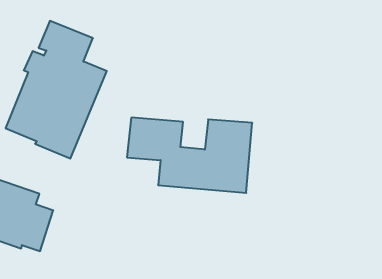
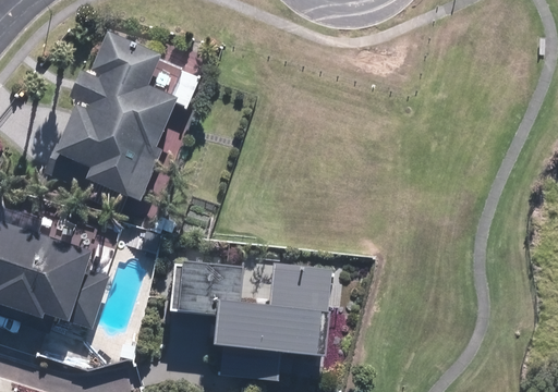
building: [127,118,252,193] -> [173,261,331,356]

